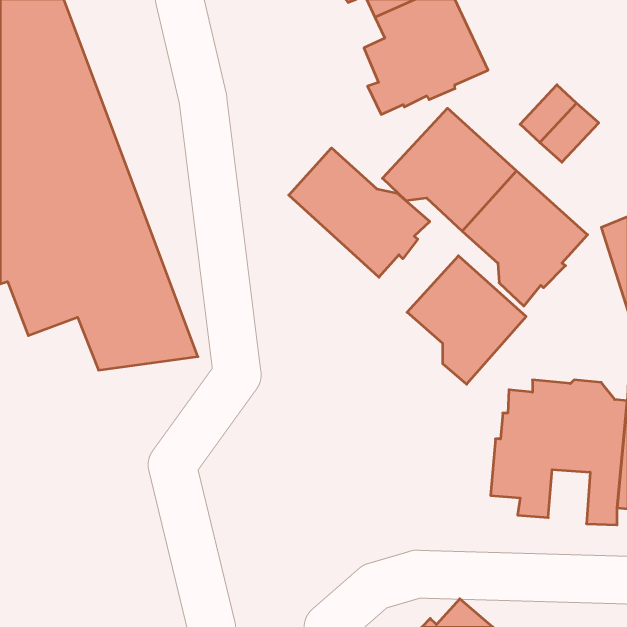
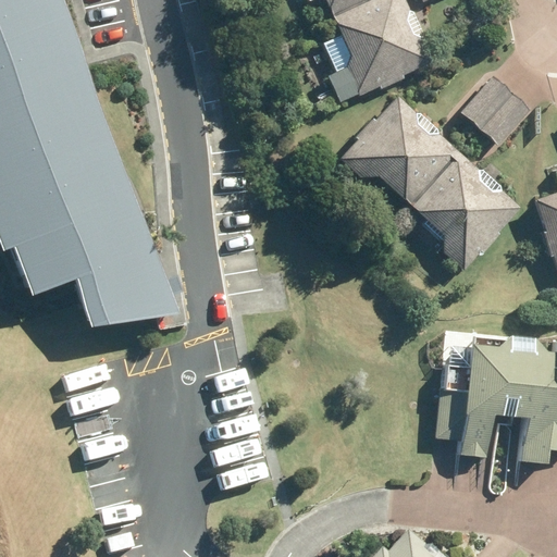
building: [289,148,430,277] -> none
building: [407,256,526,384] -> none

